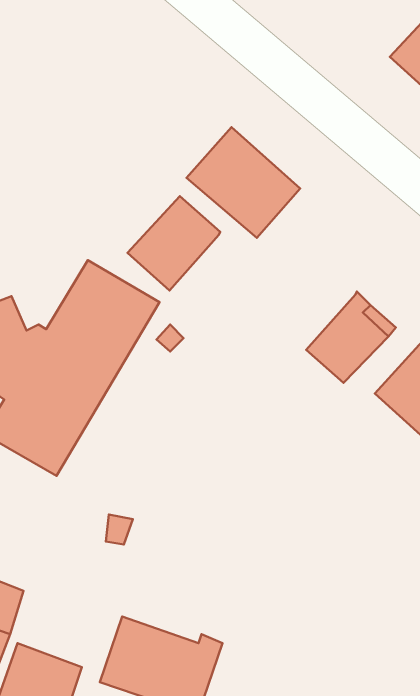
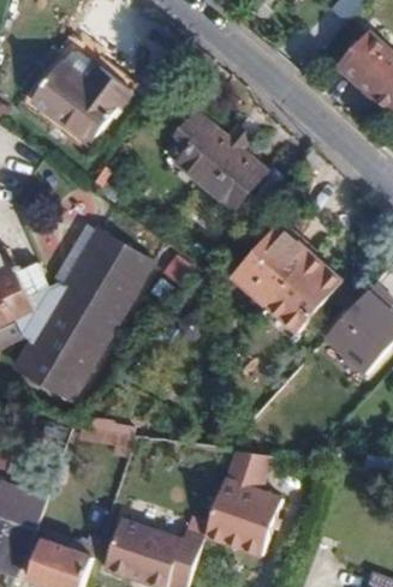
building: none -> [31,50,131,145]
building: [127,196,220,290] -> [237,226,311,301]
building: none -> [203,453,280,556]

